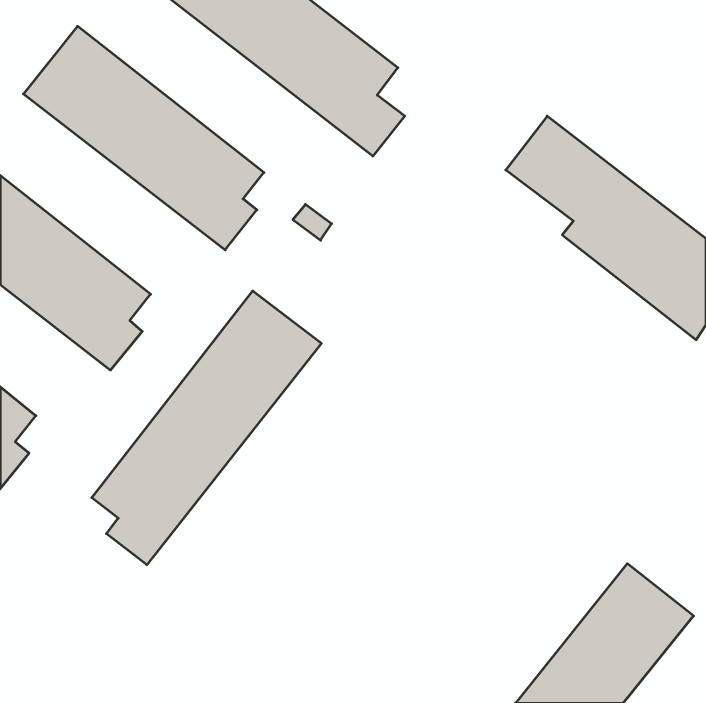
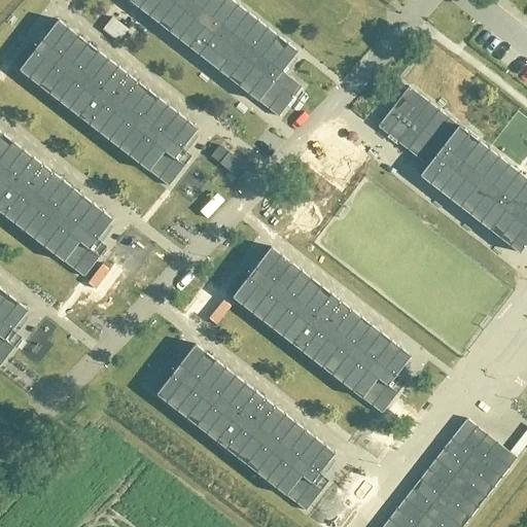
building: [92,291,321,565] -> none
building: none -> [231,246,410,414]
building: none -> [155,344,333,510]

